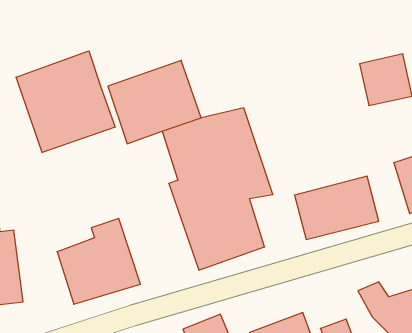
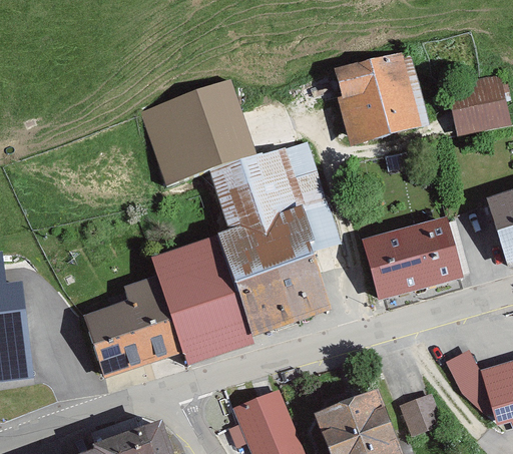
building: none -> [337,54,436,147]
building: [16,51,115,153] -> none
building: none -> [150,233,253,365]

